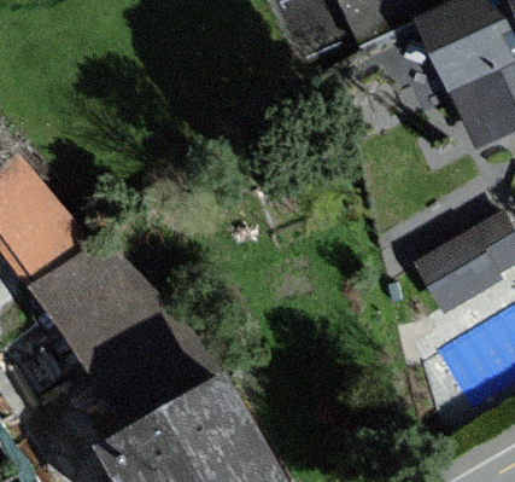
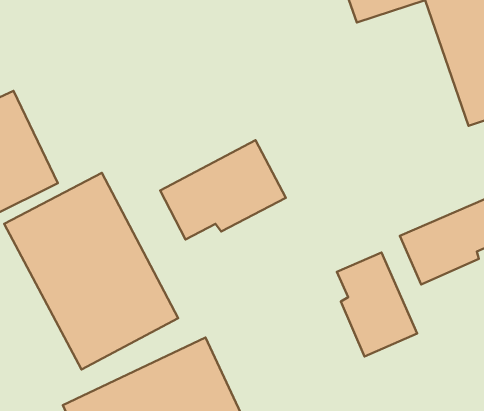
building: none -> [160,140,286,239]
building: none -> [337,252,417,356]

